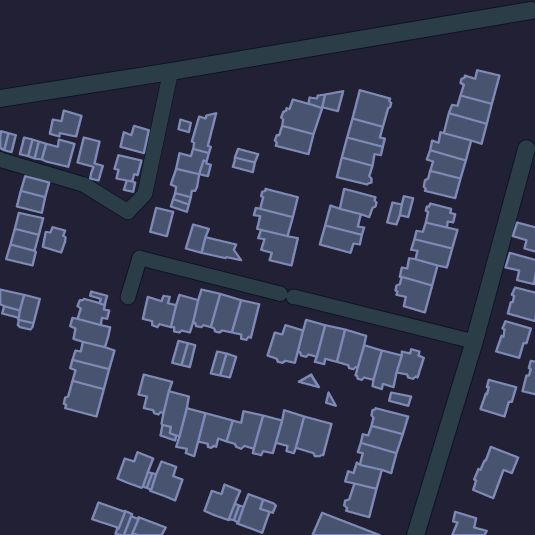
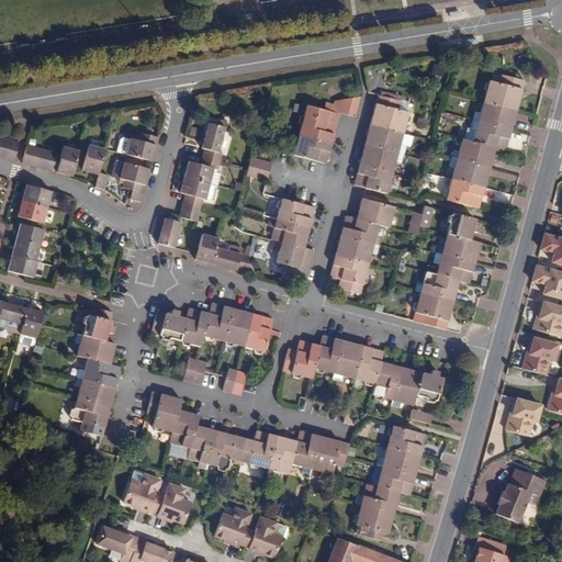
building: [50,111,82,137] -> none
building: [43,227,65,252] -> none
building: none -> [330,256,368,293]

